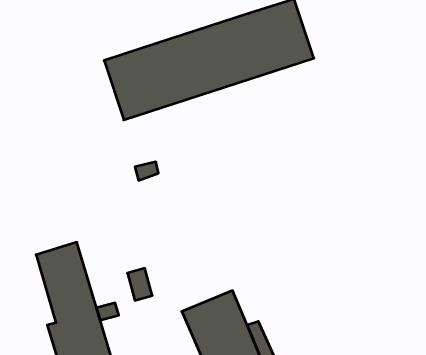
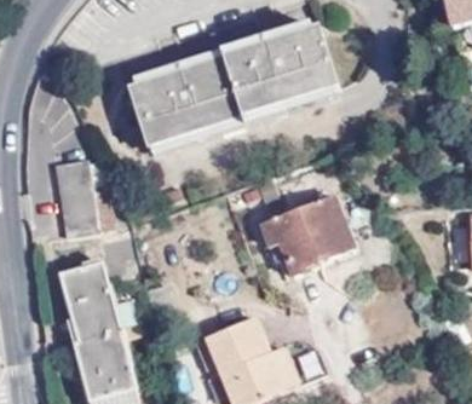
building: none -> [54,161,109,236]
building: none -> [257,195,353,277]

